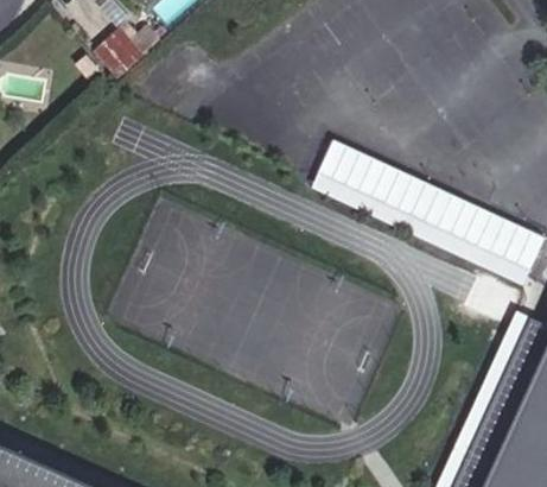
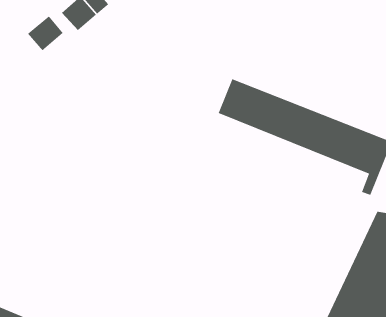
building: none -> [27,15,63,51]

